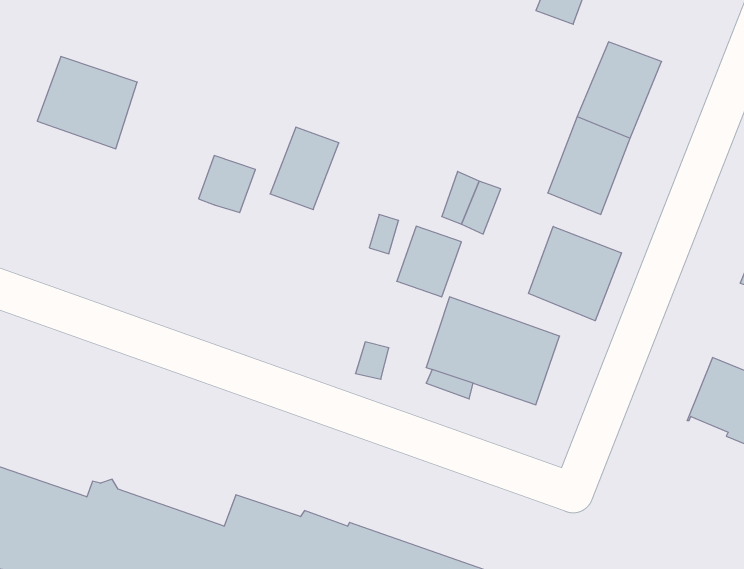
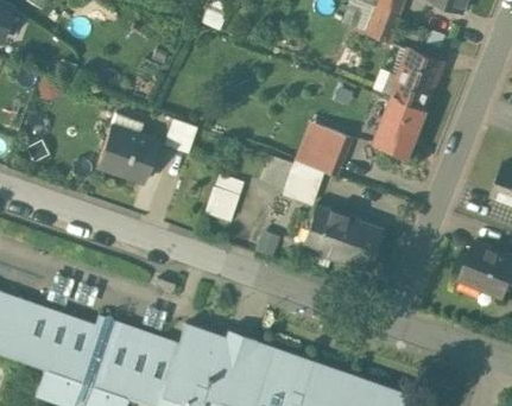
building: [37,57,137,149] -> [96,126,157,182]
building: [270,127,339,210] -> [204,171,246,221]
building: [529,226,621,321] -> none

